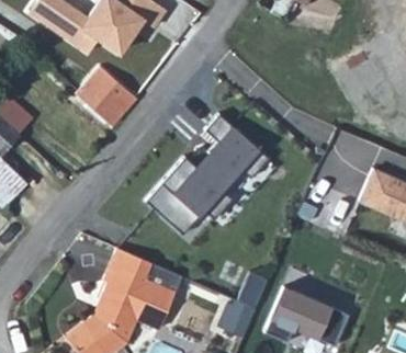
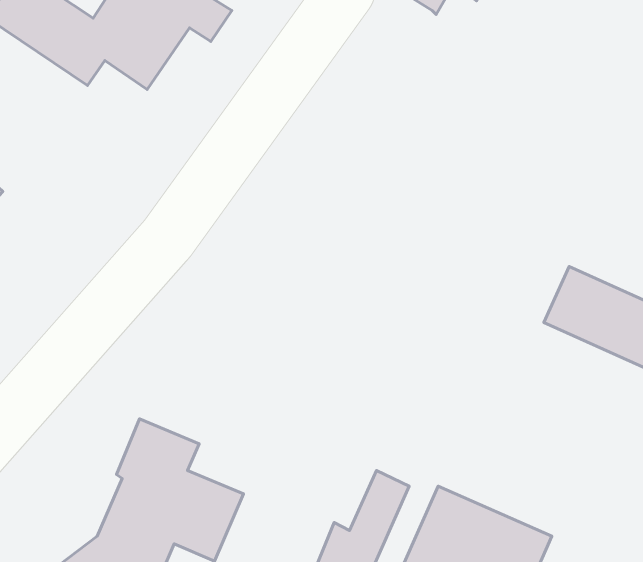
building: [79,64,137,123] -> none
building: [145,112,271,232] -> none

